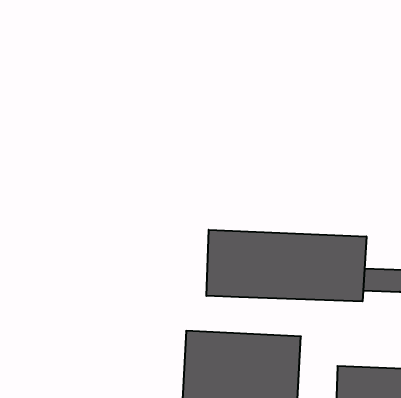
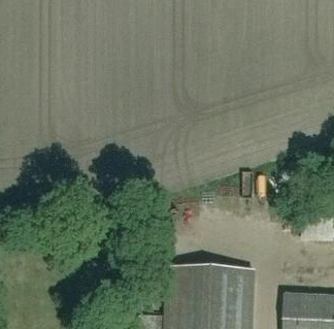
building: [206,230,366,301] -> none

